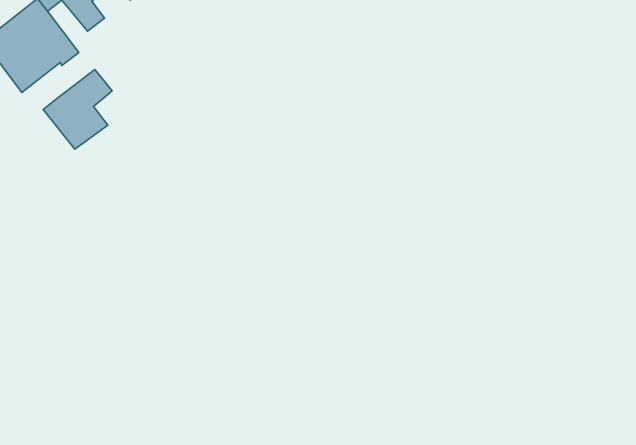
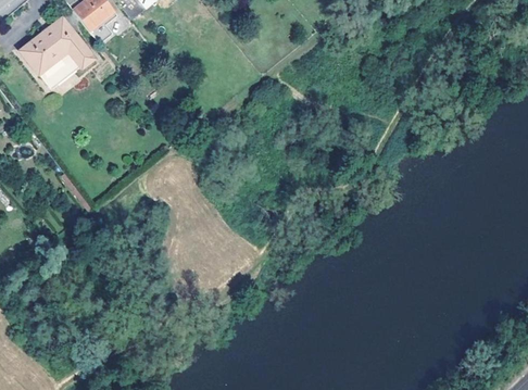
building: [43,70,112,149] -> none

